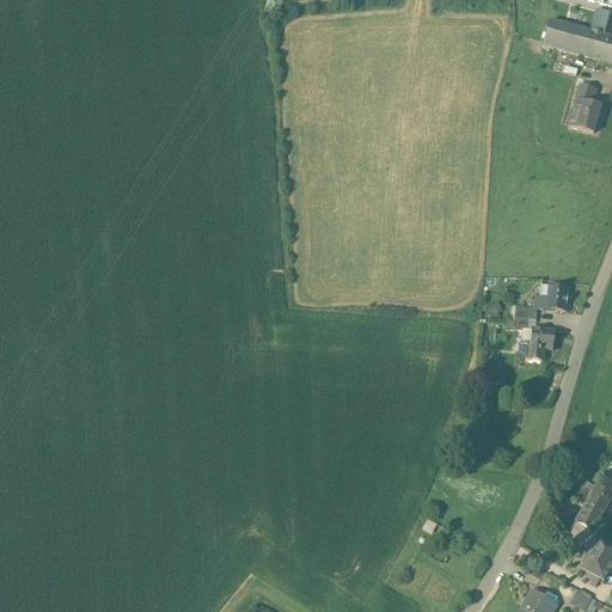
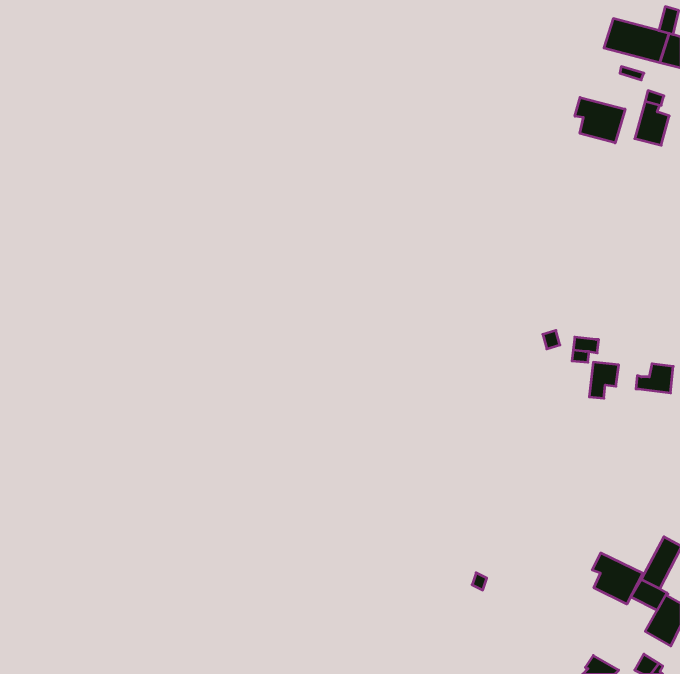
building: none -> [575,97,625,143]
building: [536,282,569,308] -> [636,364,673,393]
building: none -> [592,553,643,604]

